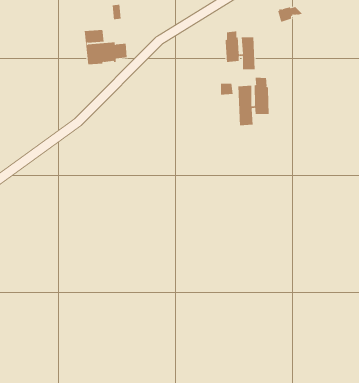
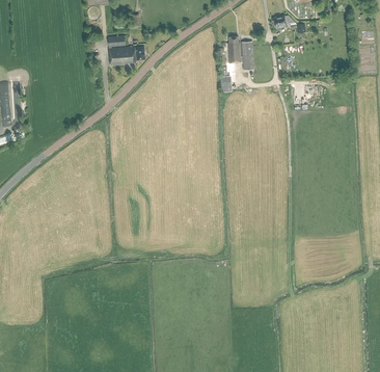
building: [238,77,269,126] -> none

